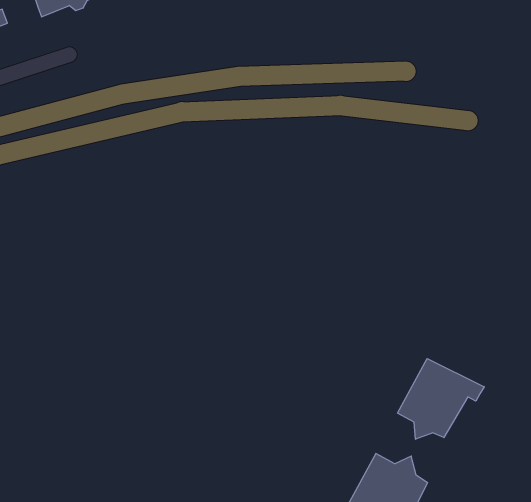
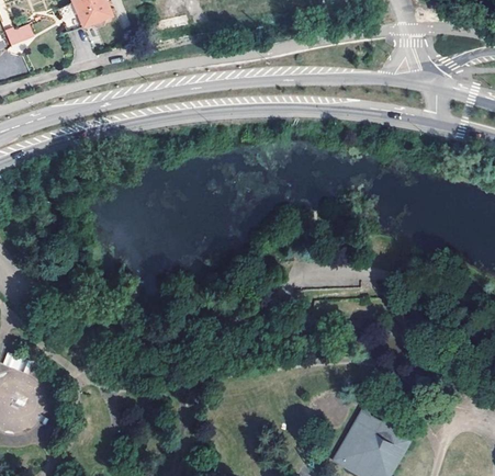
building: [398,359,484,439] -> none

